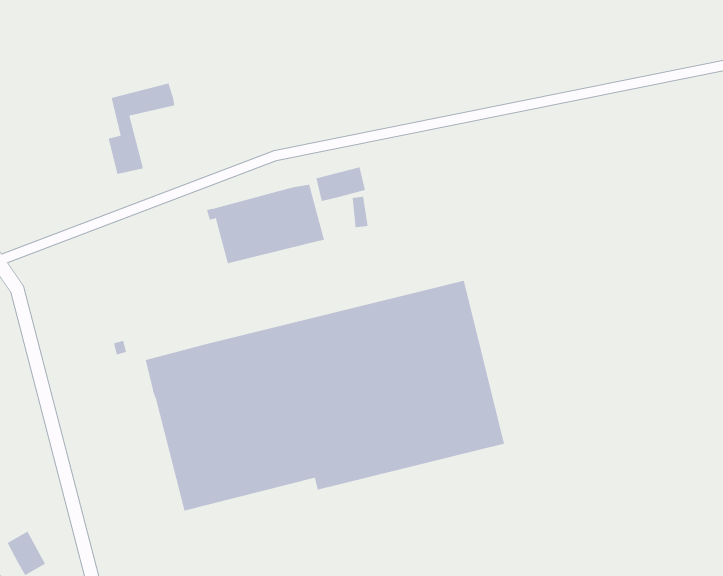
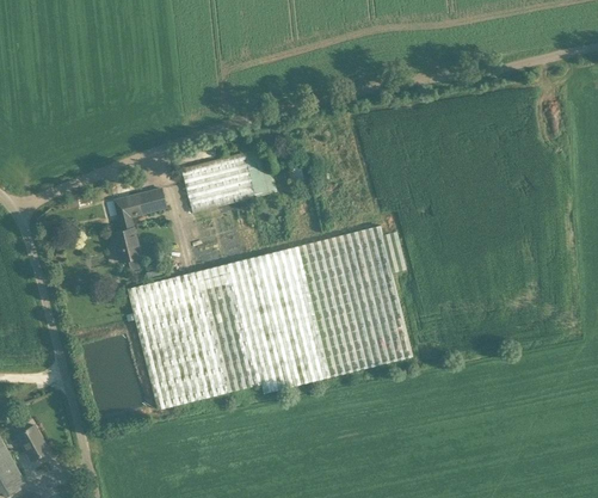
building: [108,83,175,174] -> [111,189,165,262]
building: [316,166,365,202] -> none

